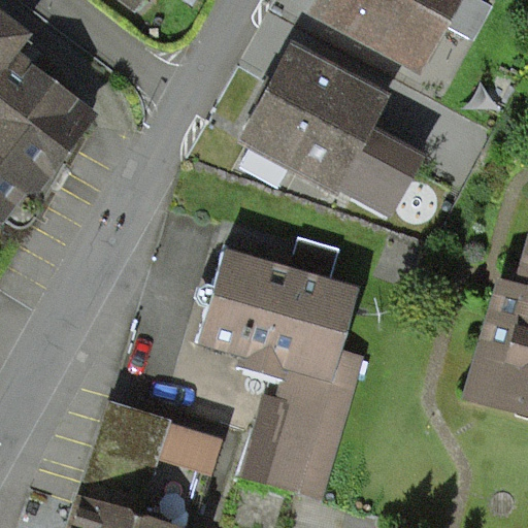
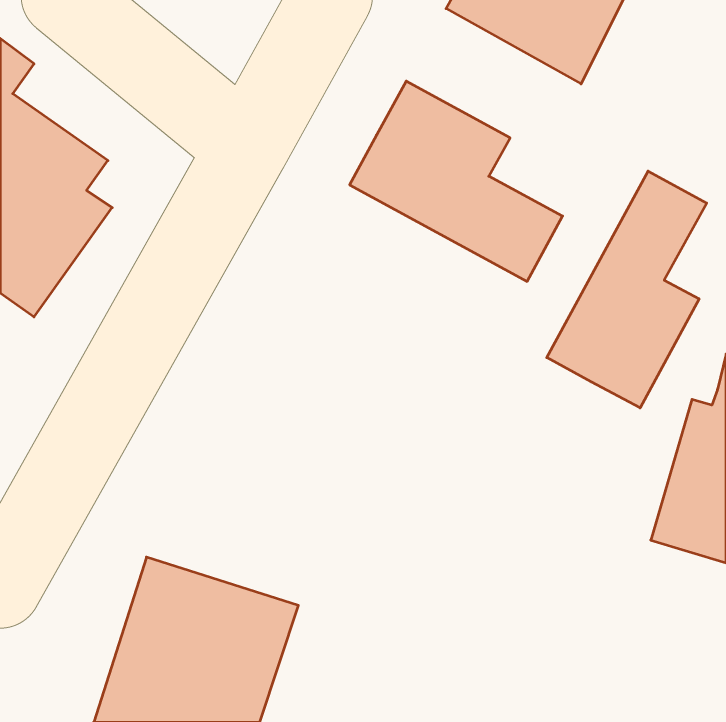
building: none -> [547,171,707,408]
building: [194,252,359,497] -> none

